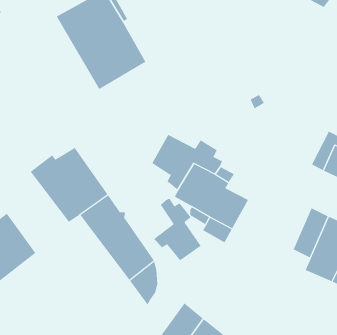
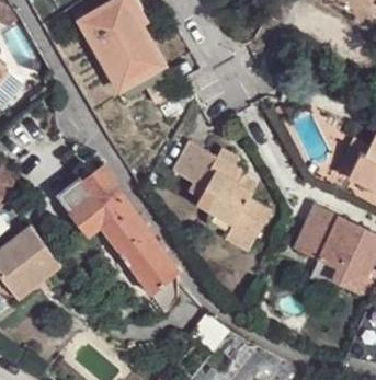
building: none -> [293,208,335,261]
building: [153,198,202,261] -> none

